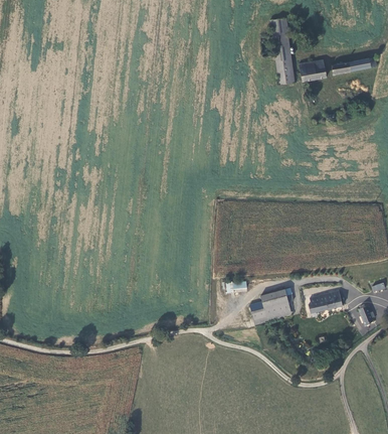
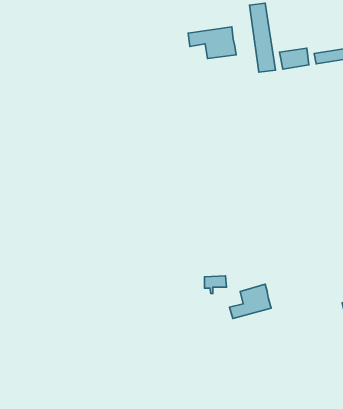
building: none -> [188,27,236,58]
building: [308,289,343,312] -> none

